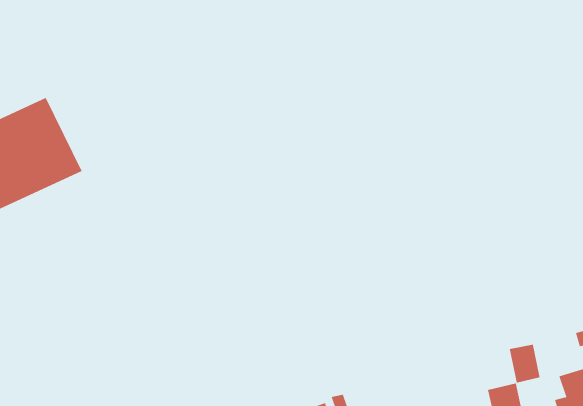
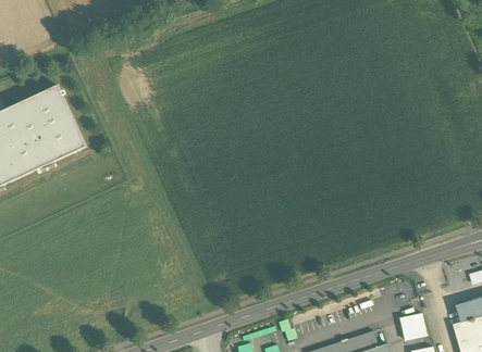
building: [509,344,540,384] -> none

